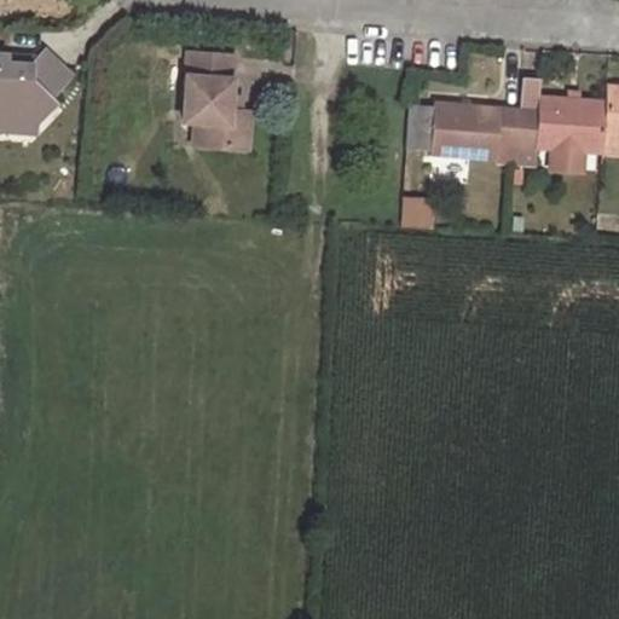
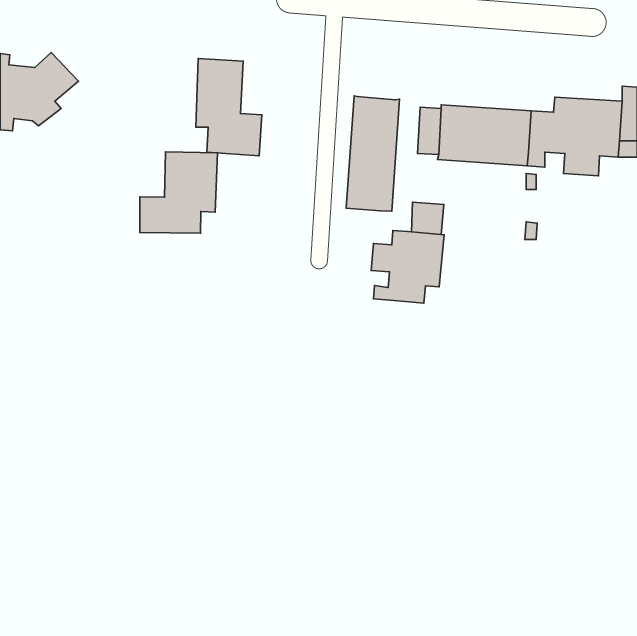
building: none -> [346,96,399,211]
building: none -> [140,152,217,233]
building: none -> [371,231,444,303]

